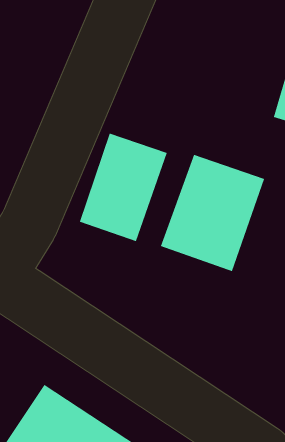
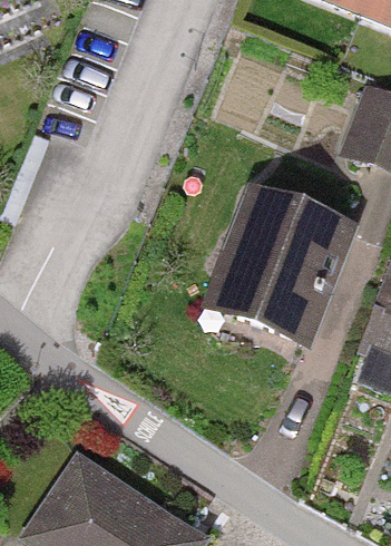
building: [79,133,168,242] -> none

